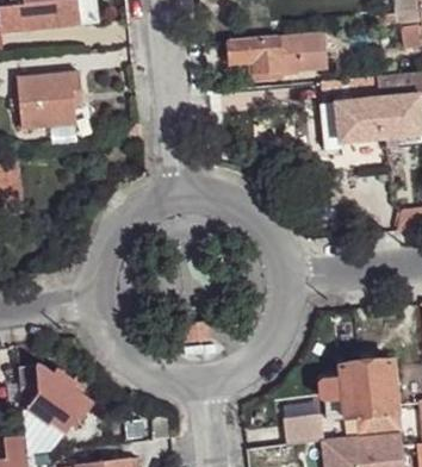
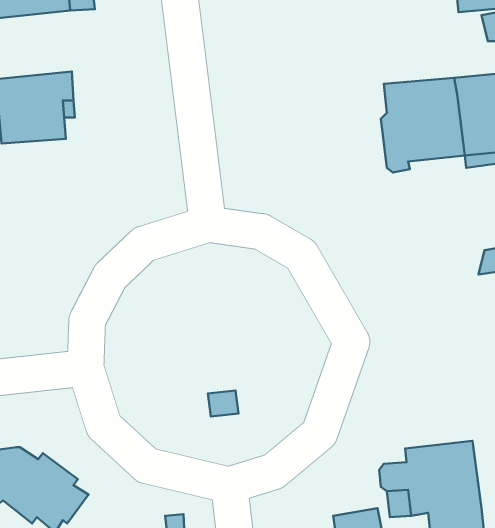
building: [229,30,328,74] -> none

